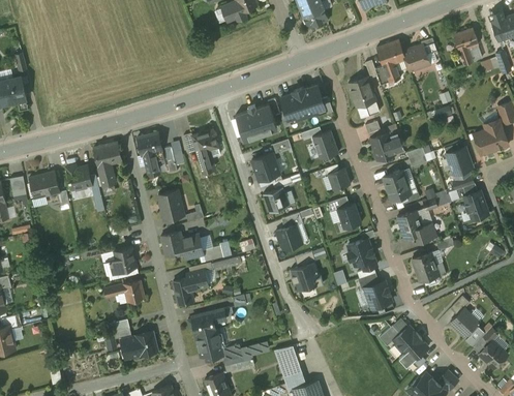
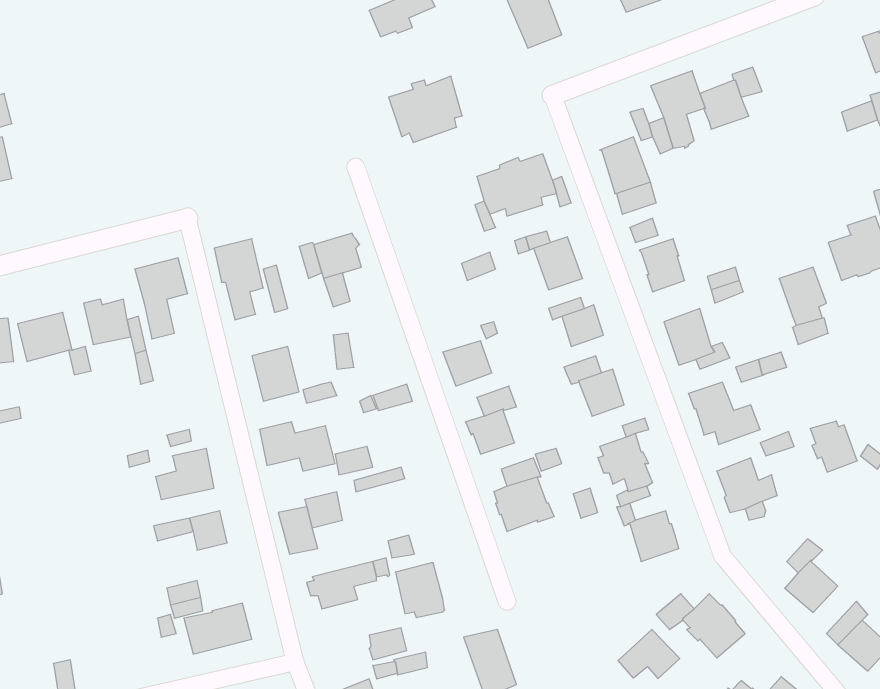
building: [453,28,479,66] -> none
building: [236,104,276,141] -> [389,76,462,142]
building: [251,154,280,182] -> none
building: [463,192,489,220] -> [810,421,857,472]
building: [196,330,223,360] -> [395,563,445,618]
building: none -> [618,629,680,678]

